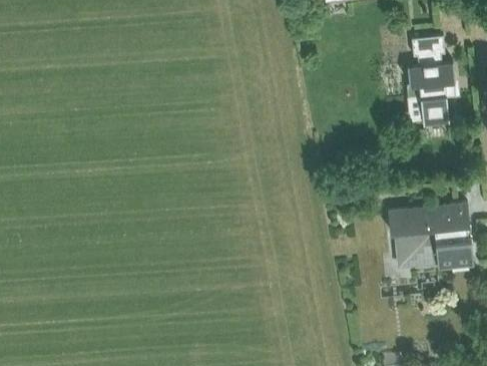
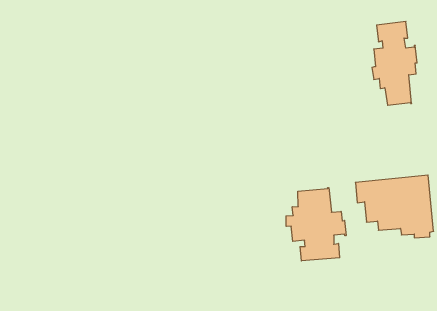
building: none -> [286,188,346,261]

